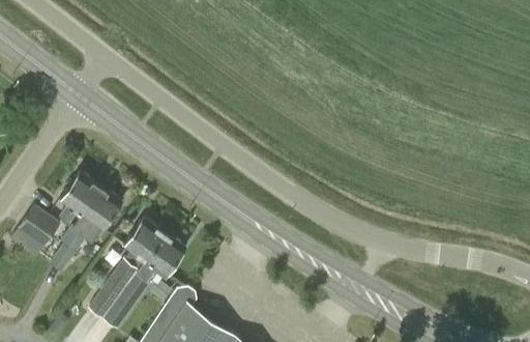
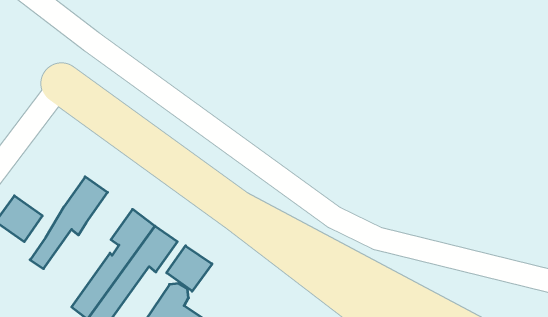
building: [57,174,99,245] -> none
building: none -> [167,246,212,291]

